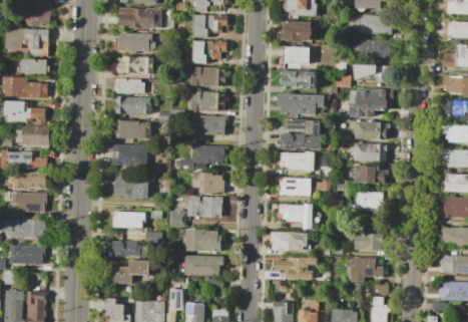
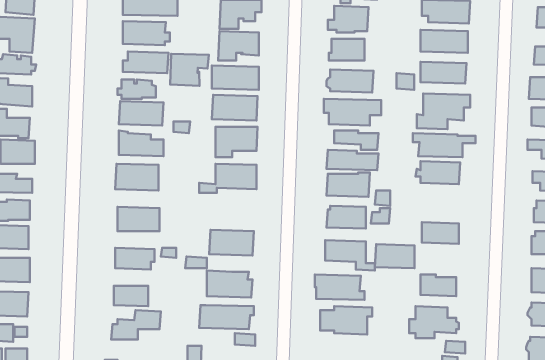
building: none -> [170,54,209,86]
building: [353,165,384,184] -> [375,244,414,268]
building: [192,172,224,193] -> none

